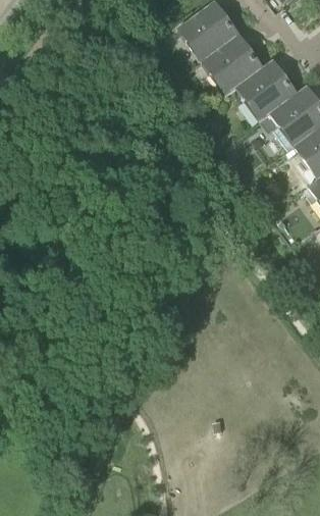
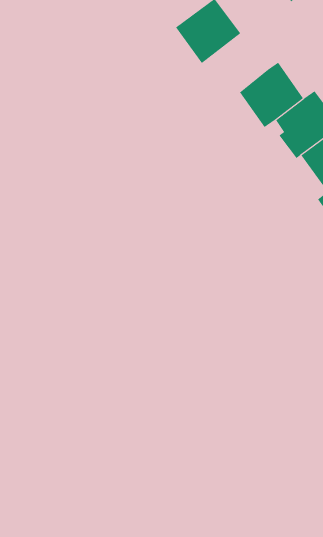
building: [202,34,263,96] -> none

